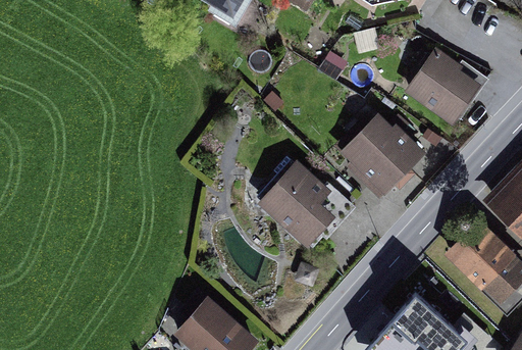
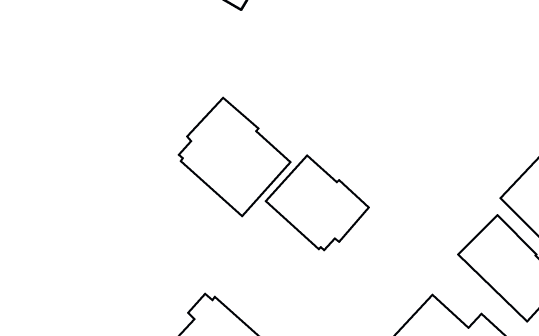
building: [404,46,489,126] -> none
building: none -> [179,98,290,216]
building: [338,111,425,200] -> none

